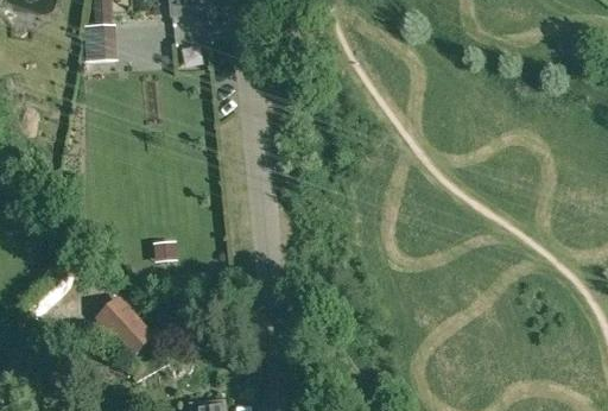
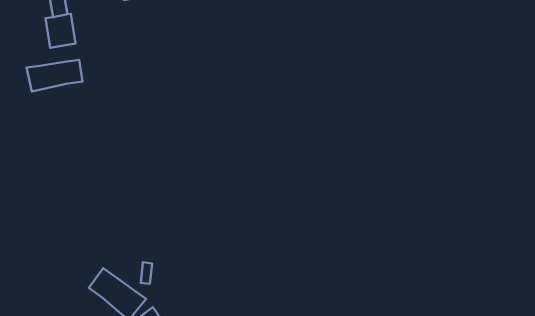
building: none -> [26,60,83,92]

